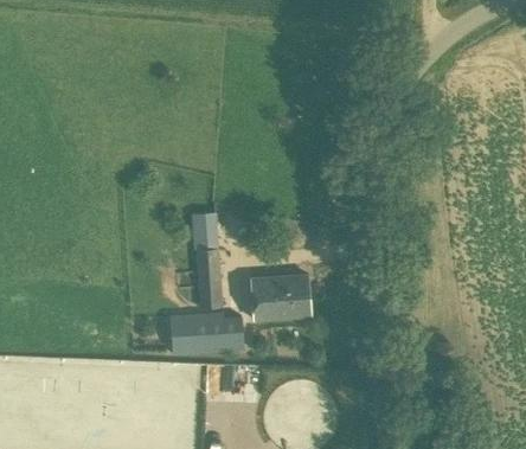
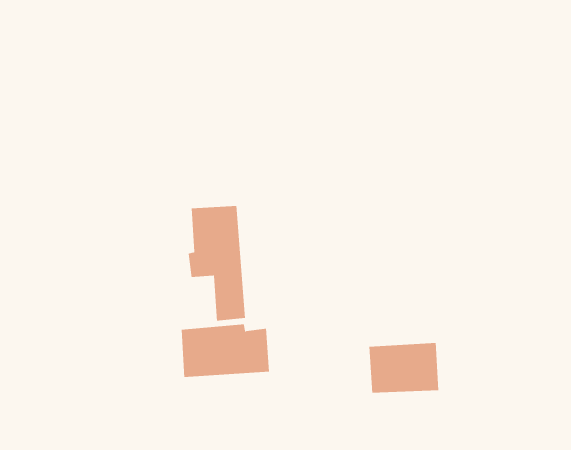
building: [249,276,308,319] -> [369,342,439,393]

